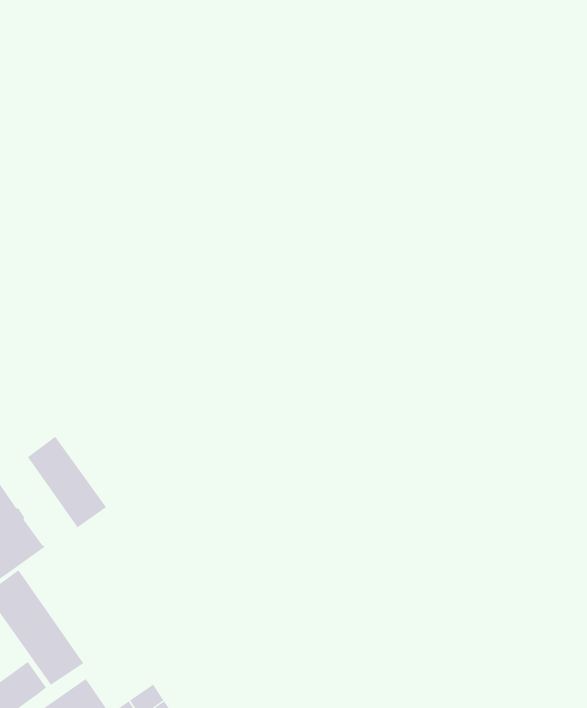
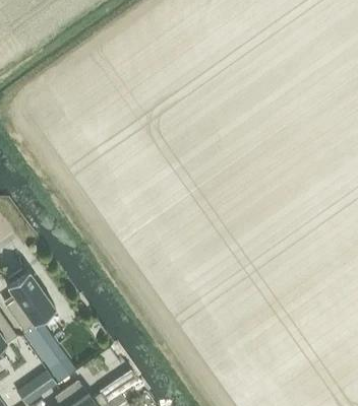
building: [27,436,107,528] -> none

